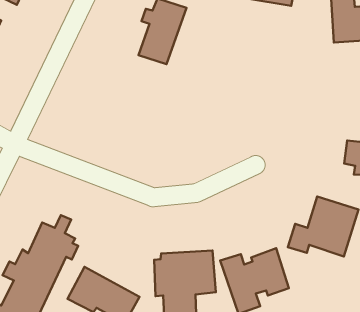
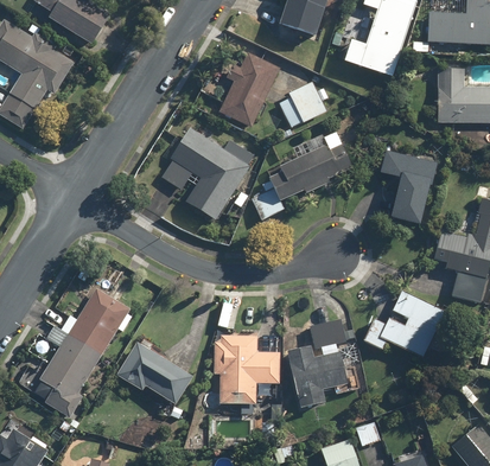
building: none -> [288,81,329,122]
building: none -> [250,130,352,221]
building: none -> [160,128,255,221]
building: none -> [382,149,437,224]
building: none -> [310,318,345,347]

